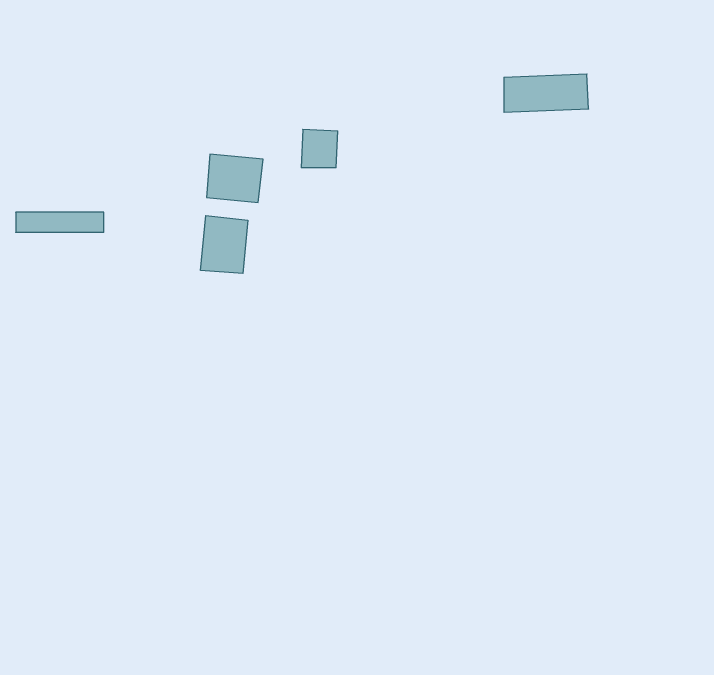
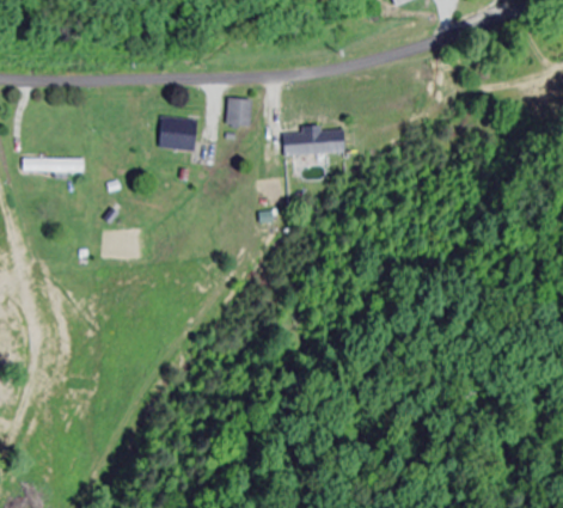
building: [504,74,589,112] -> [284,128,345,155]
building: [201,216,248,273] -> none

